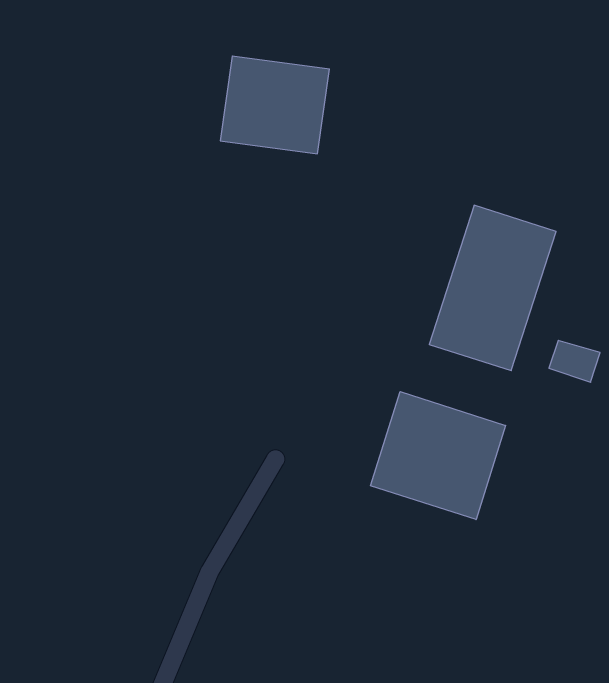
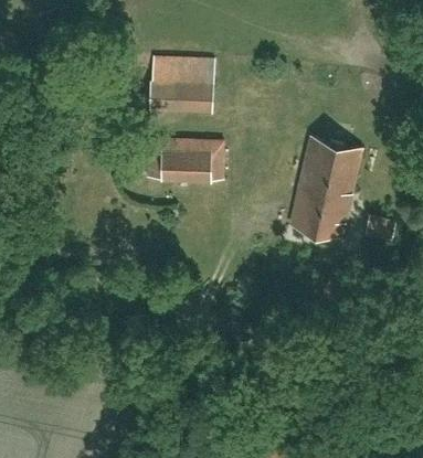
building: none -> [147,140,223,181]
building: [371,392,506,520] -> none

